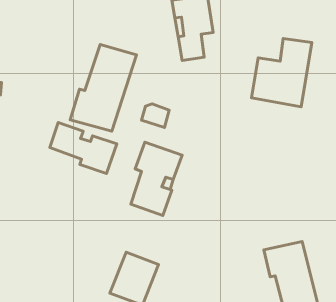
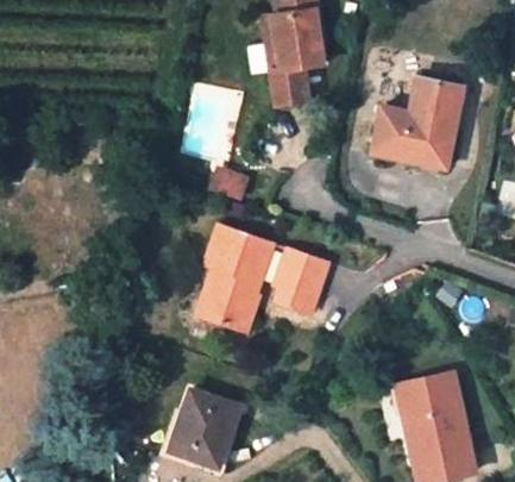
building: [70,45,136,131] -> none
building: [50,122,117,173] -> none
building: none -> [278,252,329,315]

